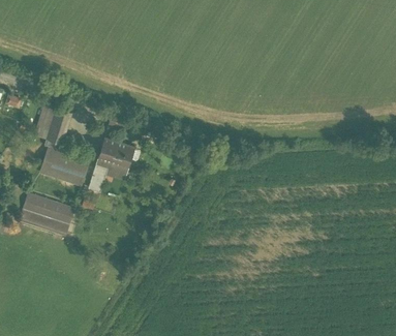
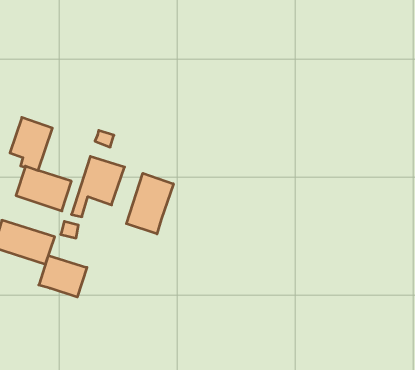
building: none -> [126,173,173,234]
building: none -> [39,255,87,297]

